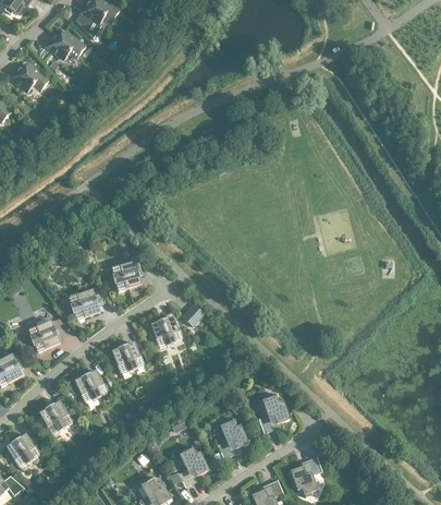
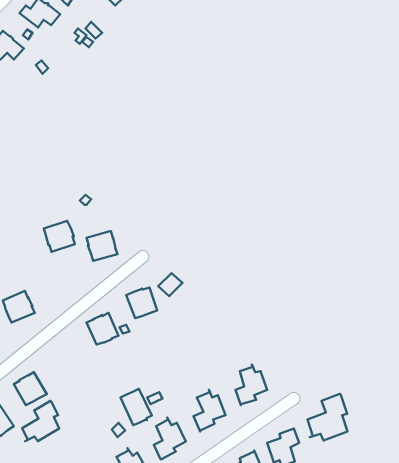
building: [68,289,98,320] -> [44,221,75,252]
building: [73,370,106,402] -> none
building: none -> [121,389,152,425]
building: none -> [308,394,347,441]
building: none -> [22,401,59,441]

